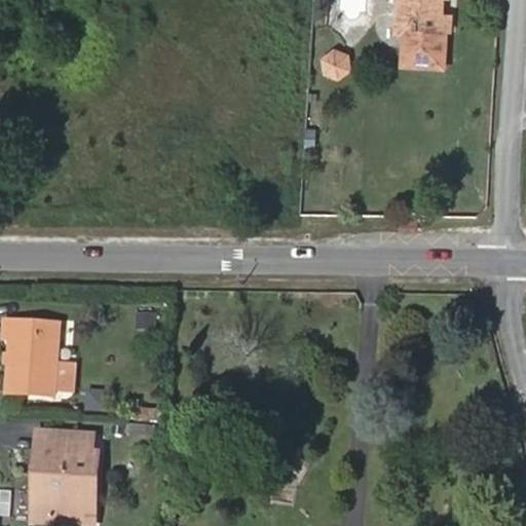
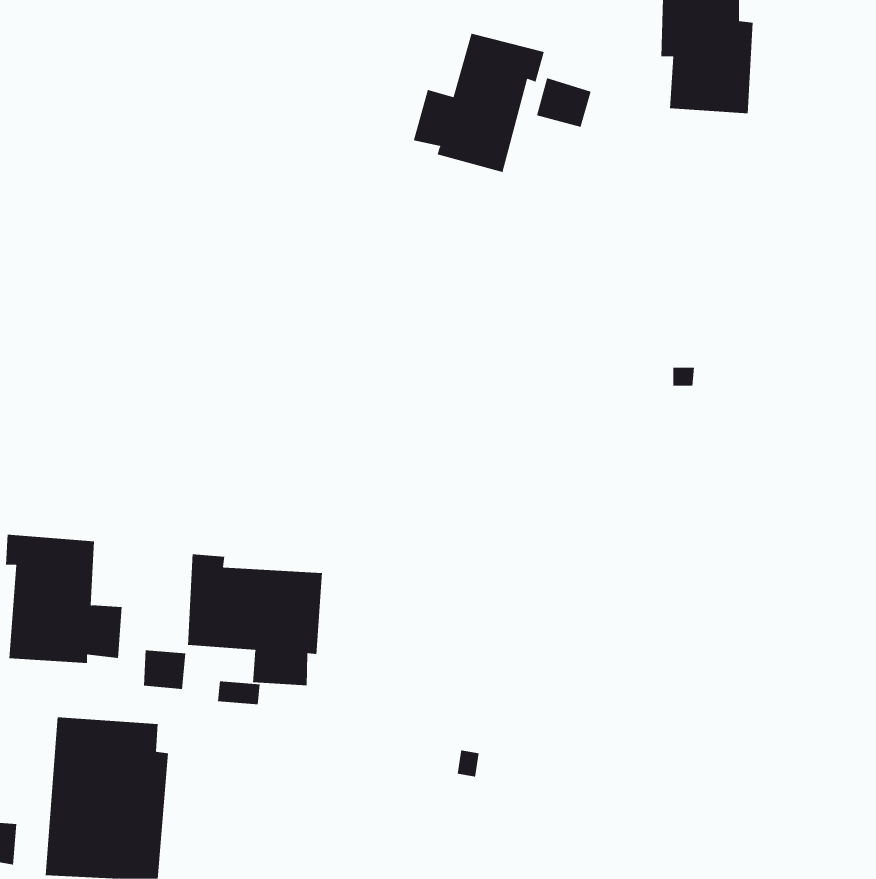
building: none -> [413,33,545,173]
building: none -> [187,554,322,686]

